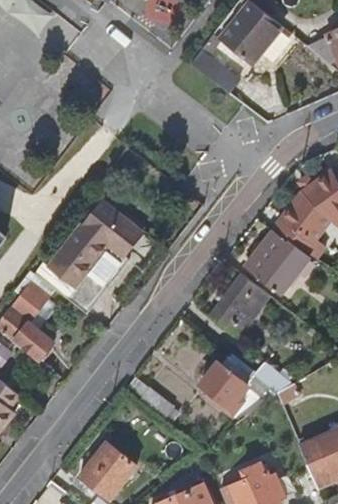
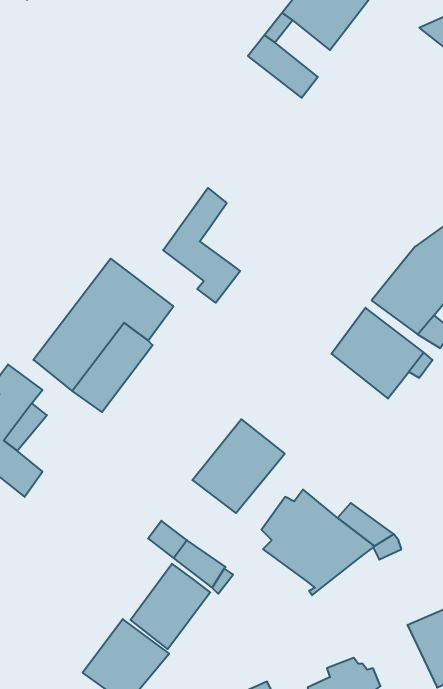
building: none -> [163,188,240,303]
building: [210,274,272,337] -> [192,419,285,513]
building: none -> [130,564,210,649]

